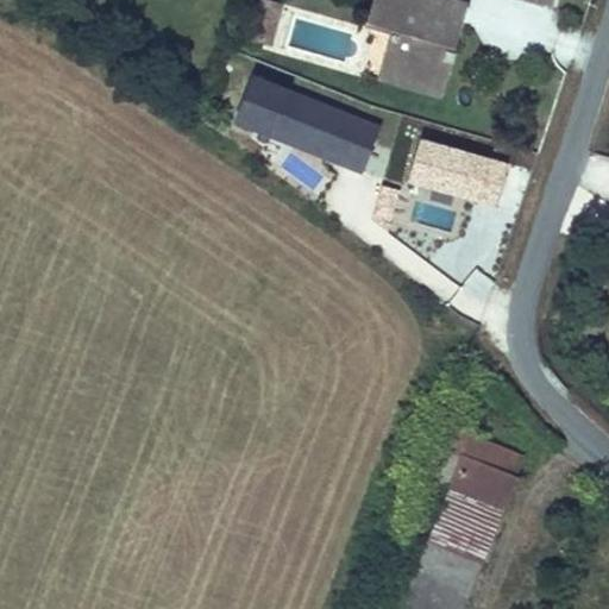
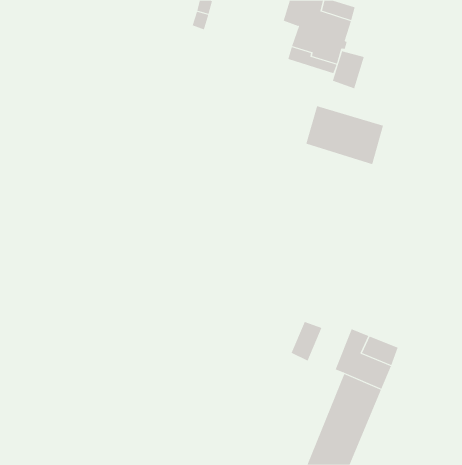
building: none -> [332,50,365,89]
building: [244,77,381,165] -> none
building: none -> [291,321,322,362]

